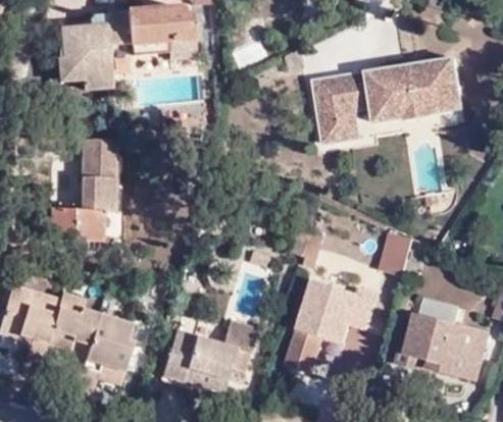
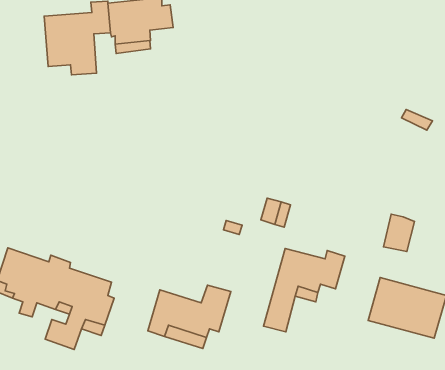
building: [312,58,461,142] -> none
building: [46,138,118,242] -> none
building: [378,226,411,267] -> [384,214,414,251]

